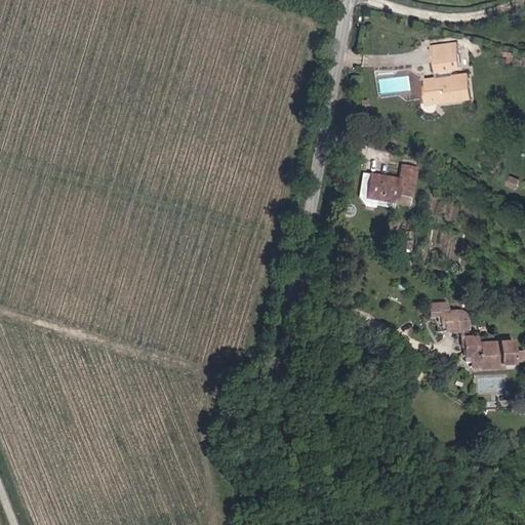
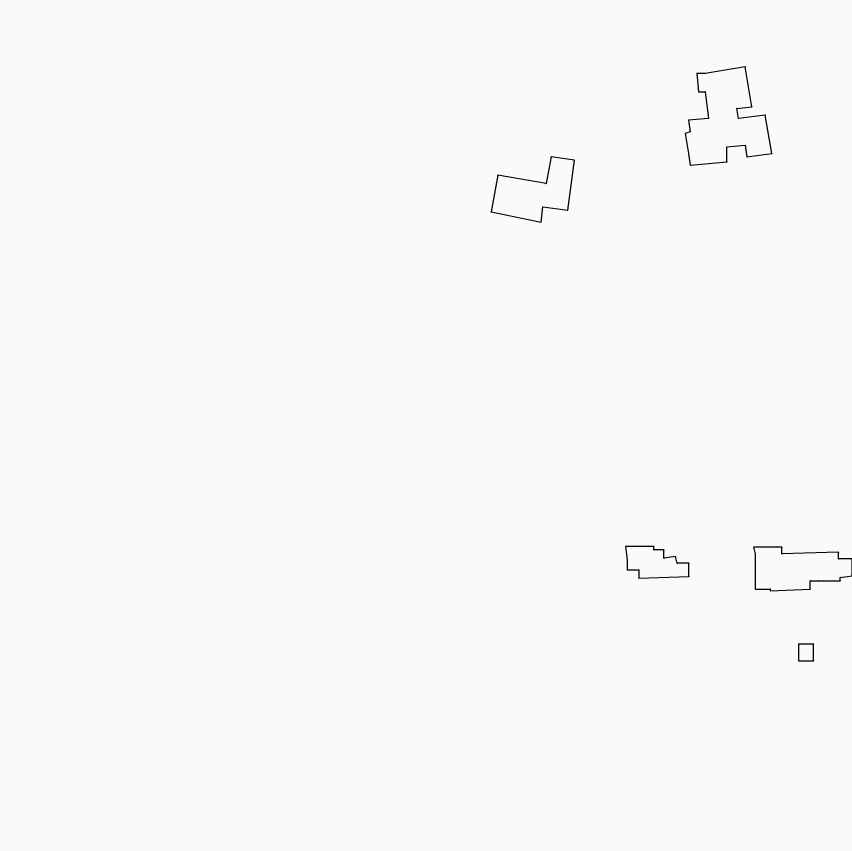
building: [365,164,416,204] -> [491,157,574,222]
building: [436,312,475,331] -> [626,547,689,578]

